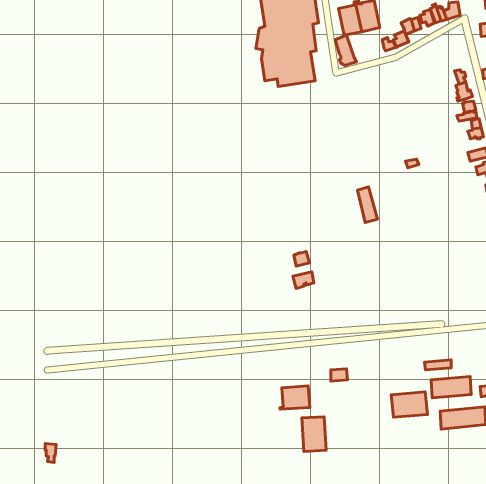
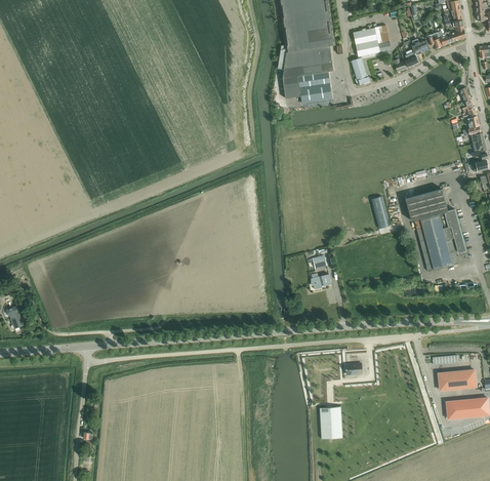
building: none -> [406,189,465,272]
building: [280,386,310,409] -> none
building: [391,392,428,417] -> none

